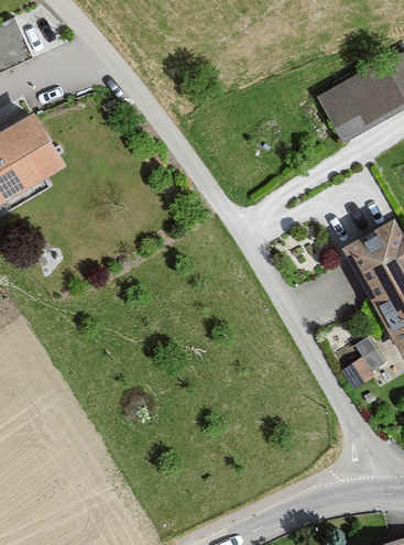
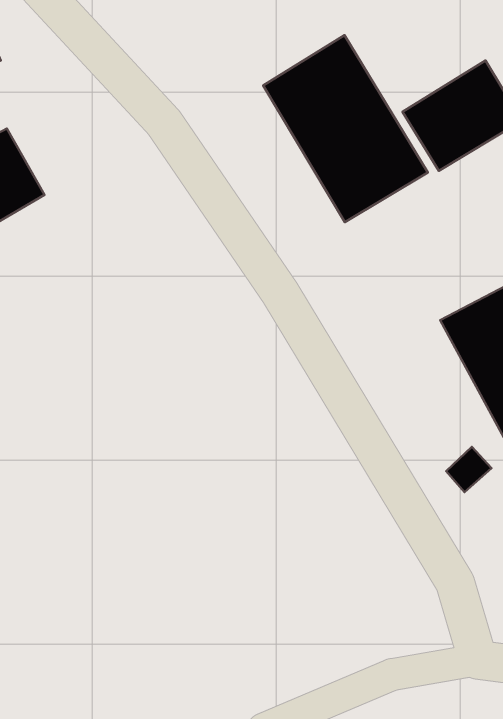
building: none -> [263,35,428,222]

